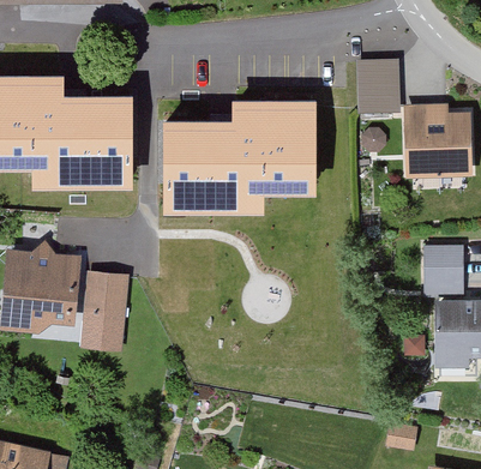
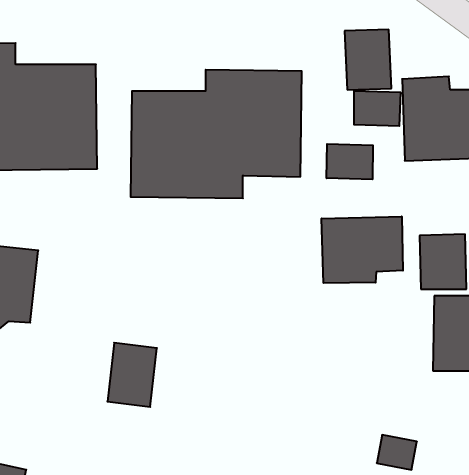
building: none -> [327,144,373,179]
building: none -> [322,216,403,283]
building: [83,273,127,331] -> [107,343,157,407]

